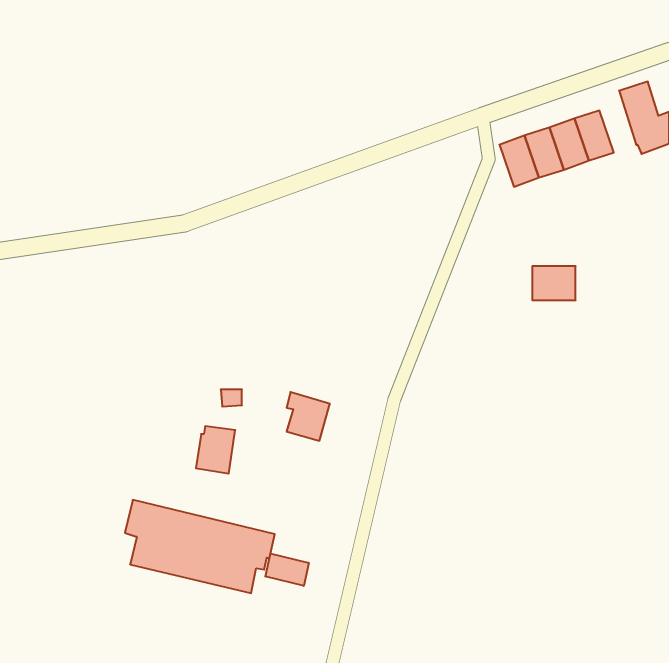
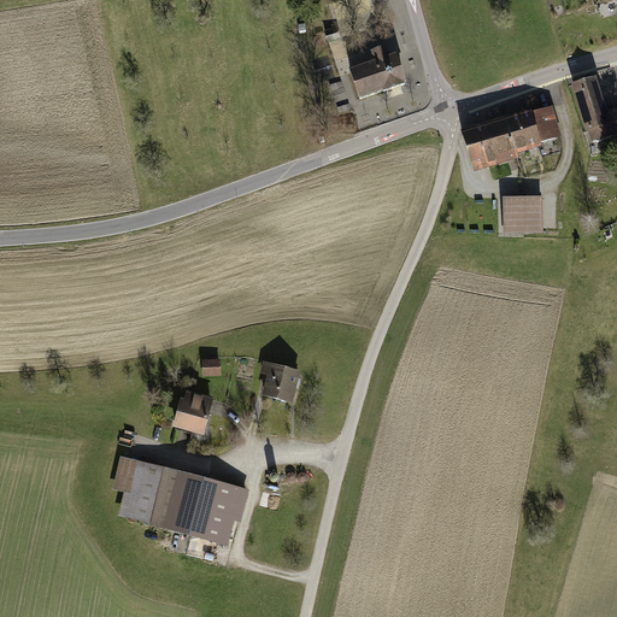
building: none -> [348,41,402,90]
building: [532,266,576,300] -> [500,195,540,227]
building: [265,553,309,586] -> none

